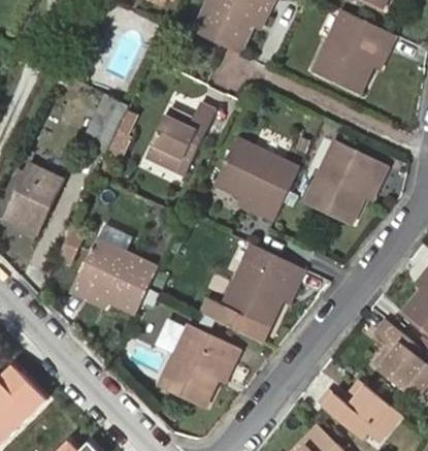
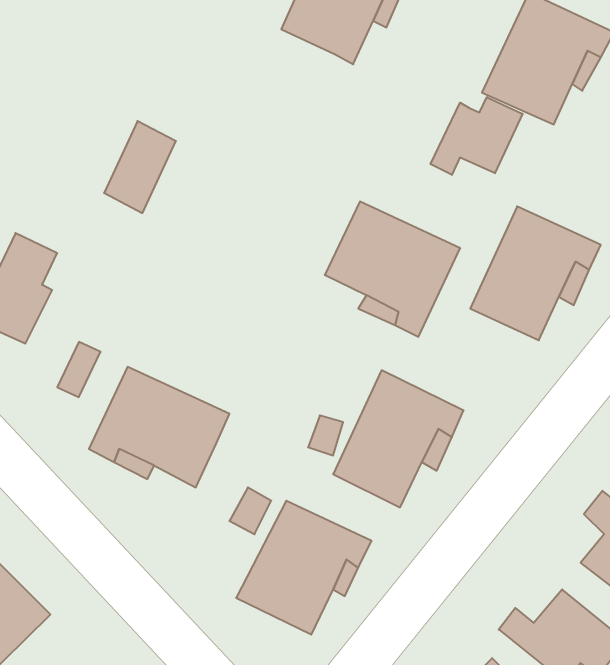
building: none -> [431,97,523,175]
building: [144,107,215,181] -> none

